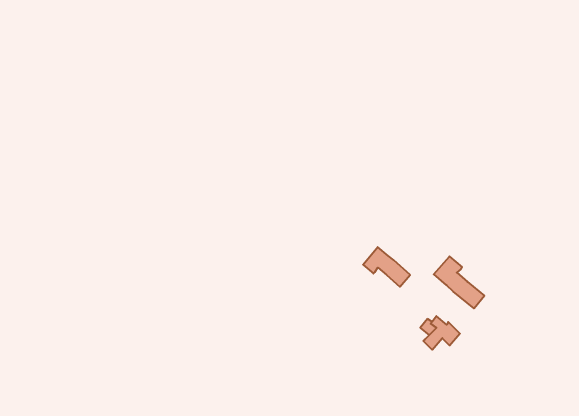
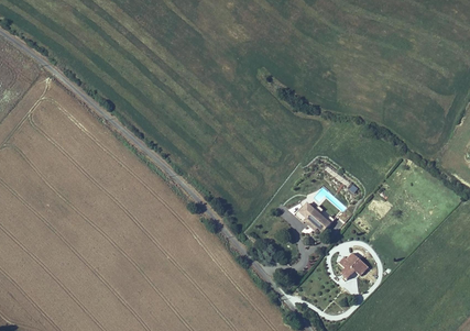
building: [434,256,484,308] -> none

